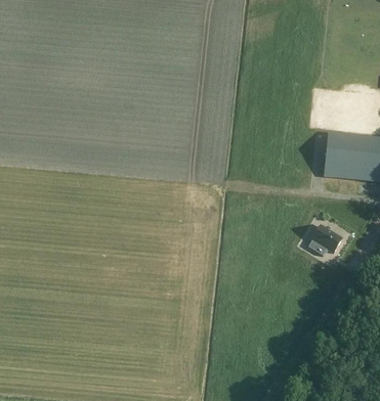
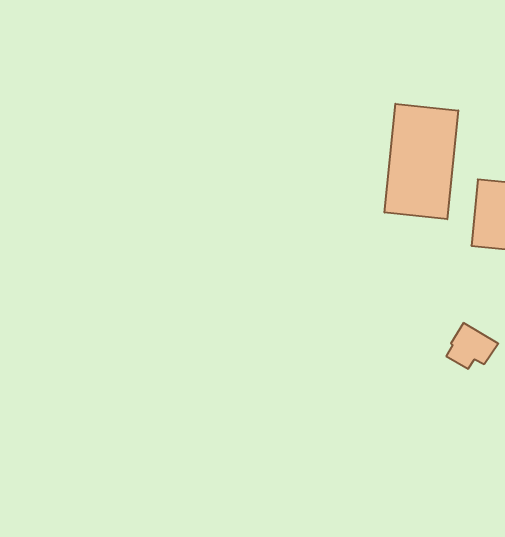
building: none -> [385,104,458,219]

